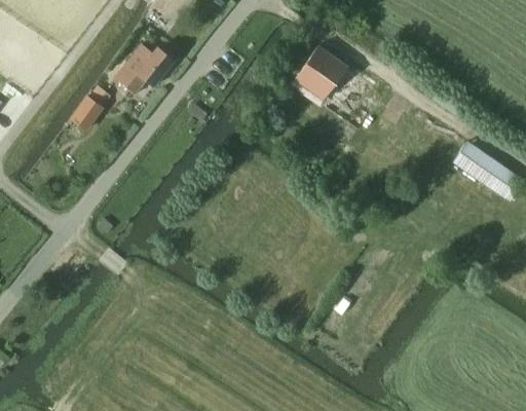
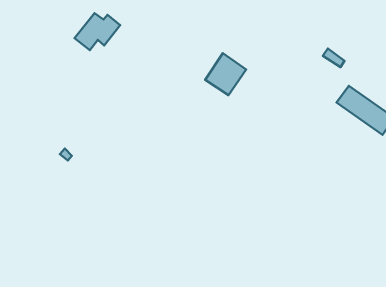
building: [294,44,346,98] -> [205,53,246,95]
building: [71,96,103,129] -> none

